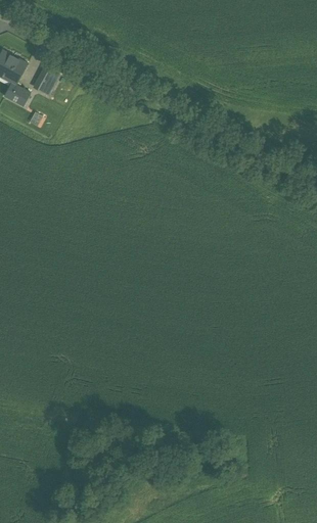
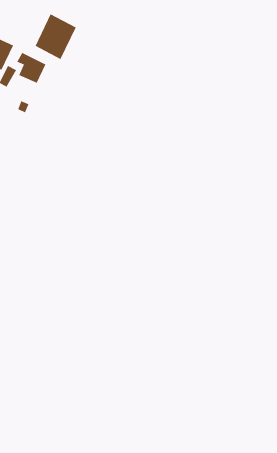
building: none -> [34,13,77,60]

